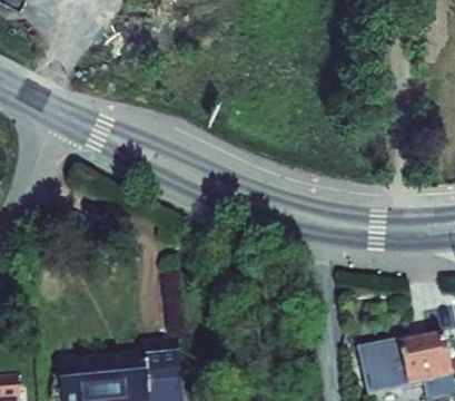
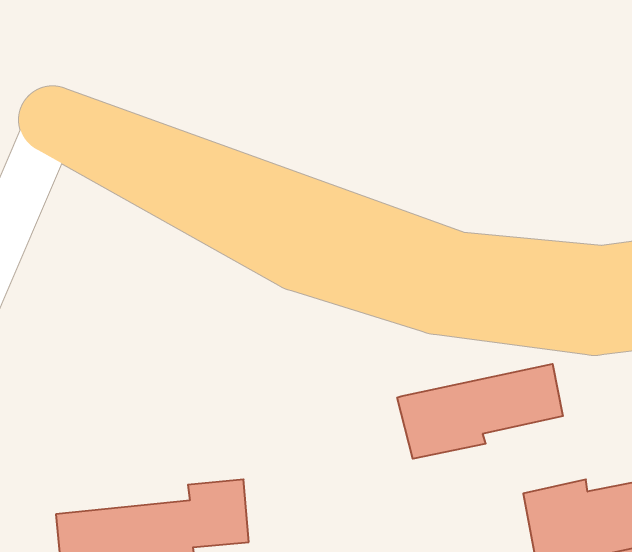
building: none -> [397,364,563,459]

